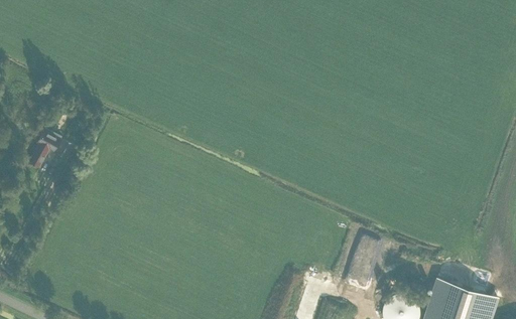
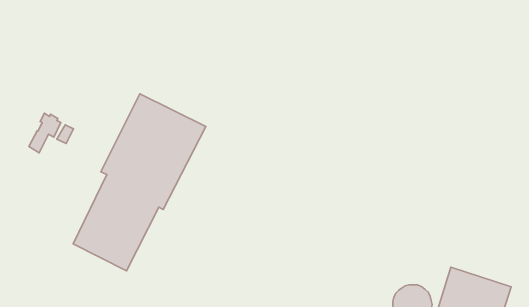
building: none -> [73,94,206,271]

